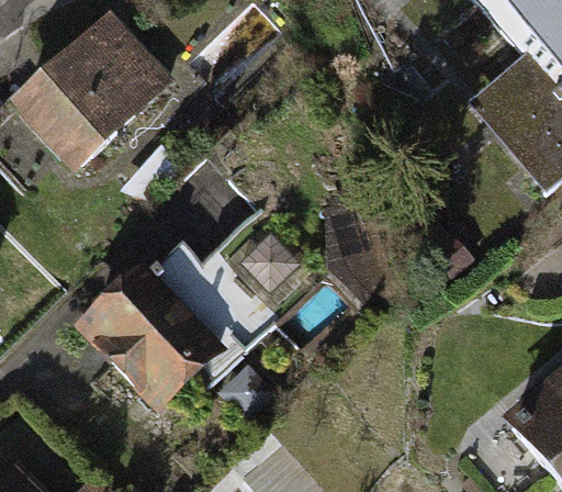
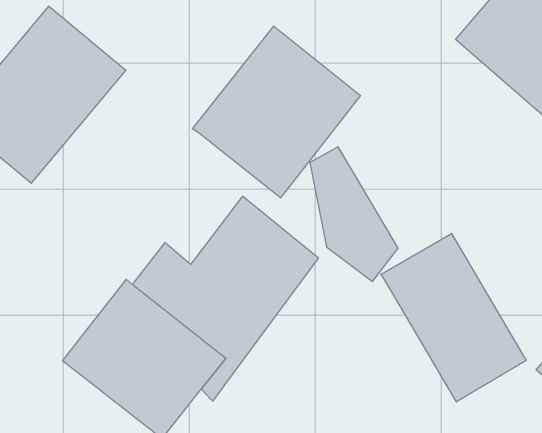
building: none -> [192,26,361,198]
building: none -> [381,233,526,402]

